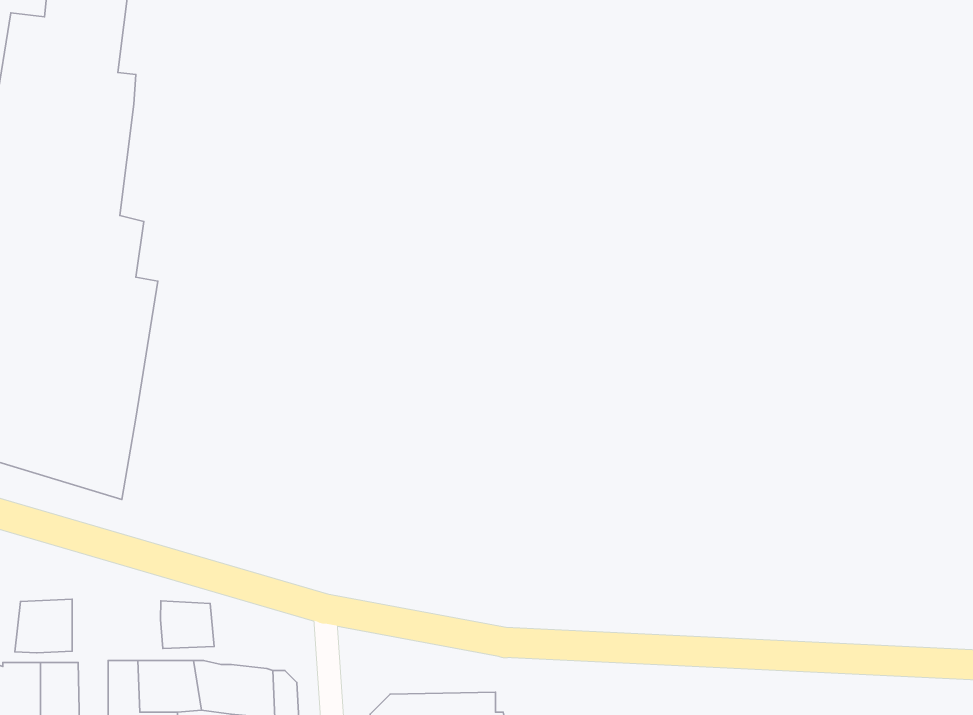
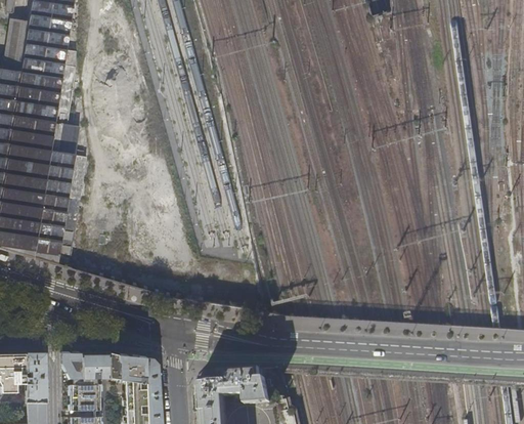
building: [15,599,72,653] -> none
building: [160,601,214,649] -> none

